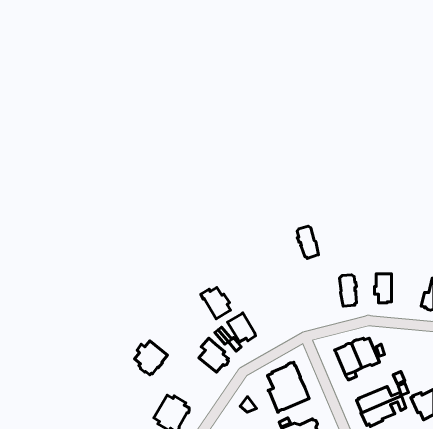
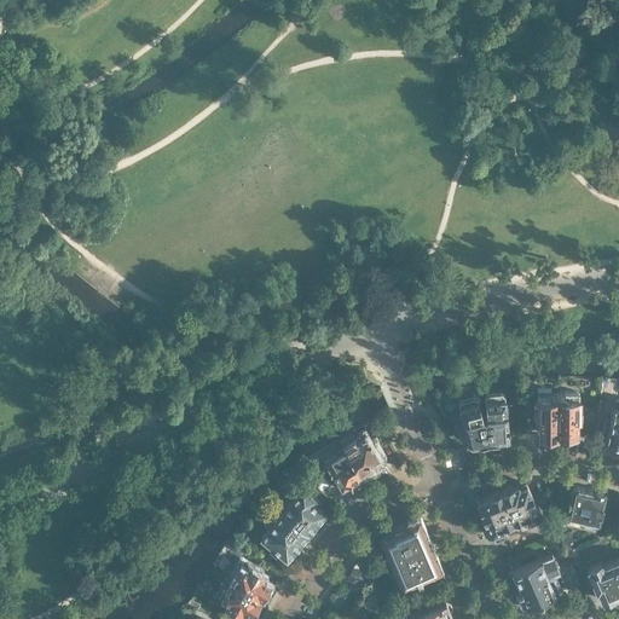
building: [297,226,318,258] -> [459,401,490,447]
building: none -> [559,397,583,440]
building: [201,287,230,319] -> [342,436,384,481]
building: none -> [567,491,606,532]
building: [135,341,168,375] -> [262,516,310,565]

